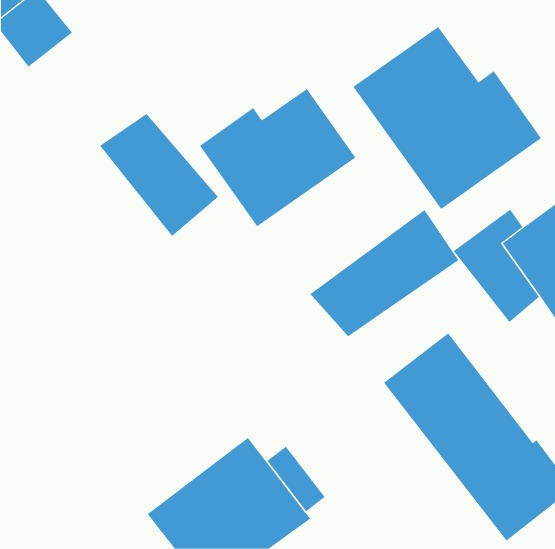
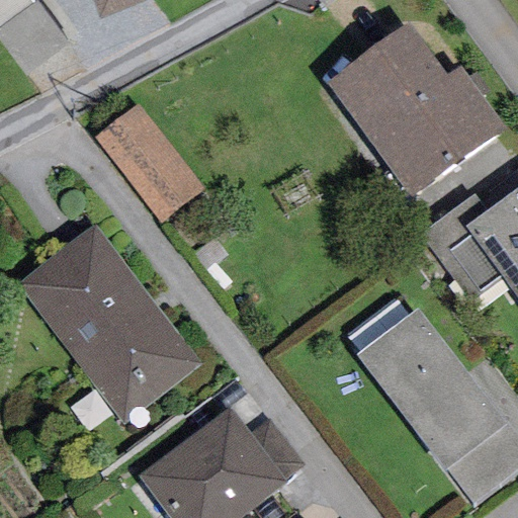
building: [199,88,356,227] -> none
building: [309,209,459,337] -> none
building: none -> [19,224,200,421]

